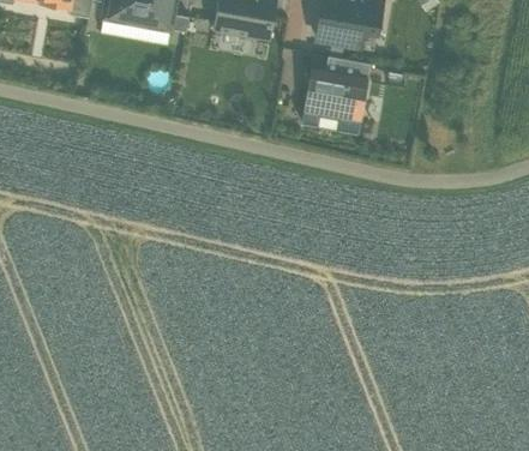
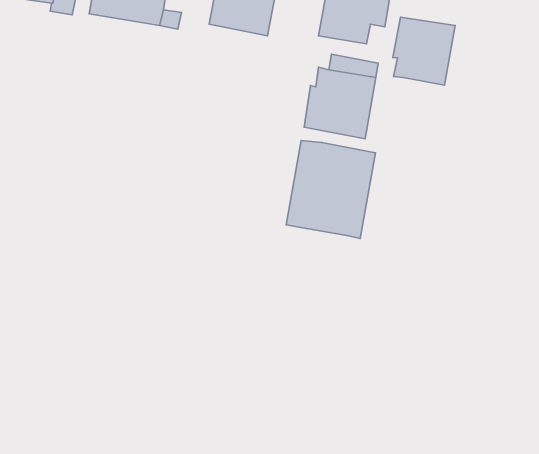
building: none -> [393,17,455,85]
building: none -> [286,140,376,239]

